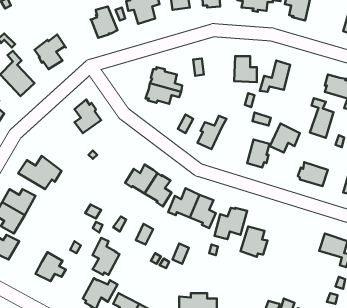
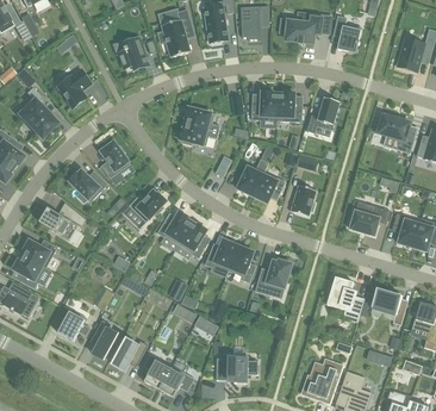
building: none -> [250,92,278,120]
building: [310,98,333,138] -> none
building: [270,123,300,153] -> [251,170,285,203]
building: none -> [68,169,106,203]
building: none -> [129,191,166,222]
building: [241,226,268,257] -> [326,276,356,310]
building: [92,238,119,275] -> [92,319,122,360]

